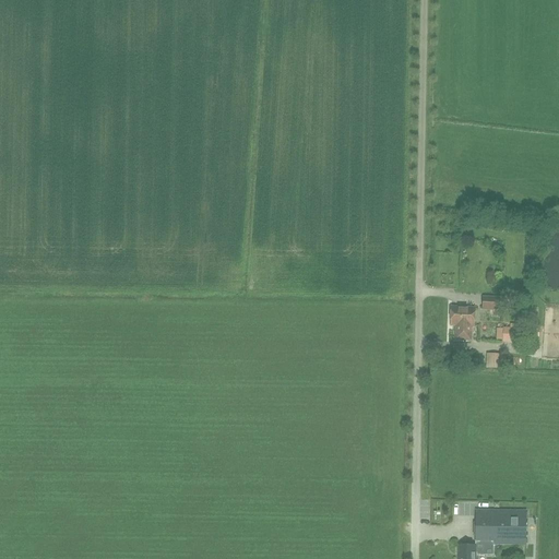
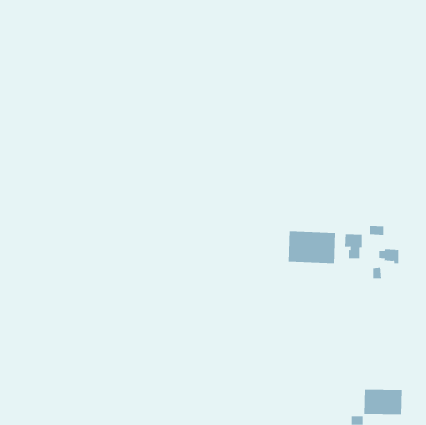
building: none -> [288,230,336,264]

